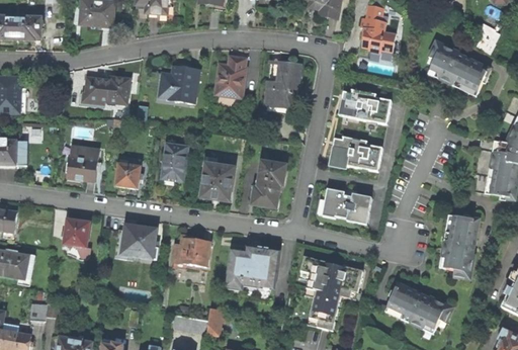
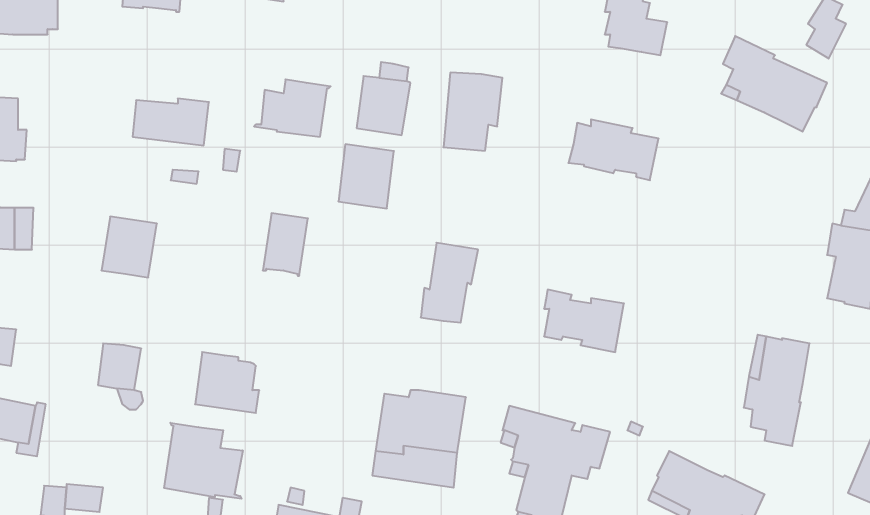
building: [331,136,382,169] -> none
building: [116,163,141,187] -> none
building: [201,163,234,200] -> [338,144,394,208]
building: [172,234,210,265] -> none
building: none -> [164,423,243,499]

